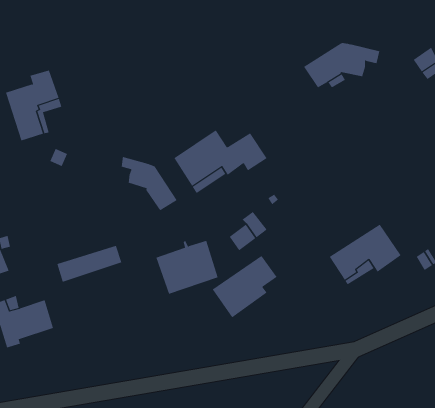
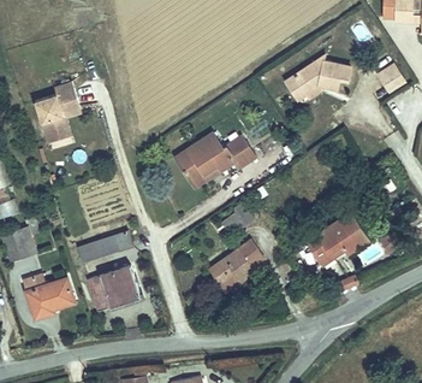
building: [121,156,177,211] -> none
building: [156,240,218,295] -> [88,265,141,311]

